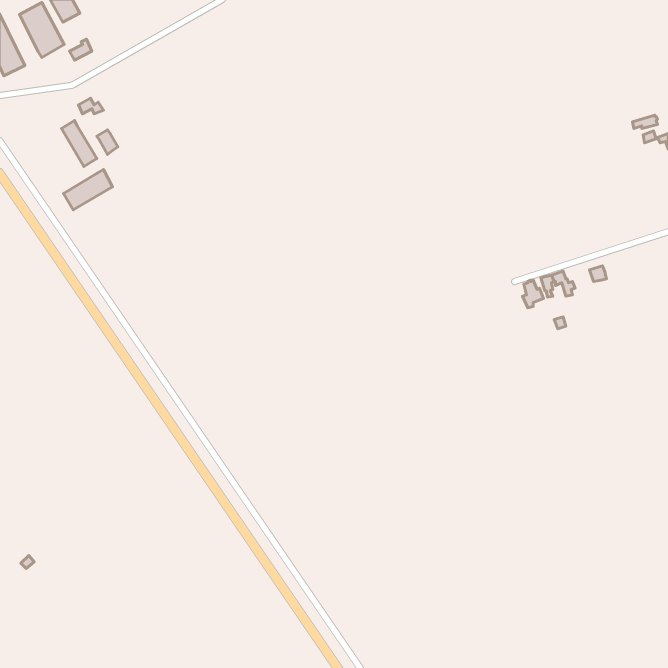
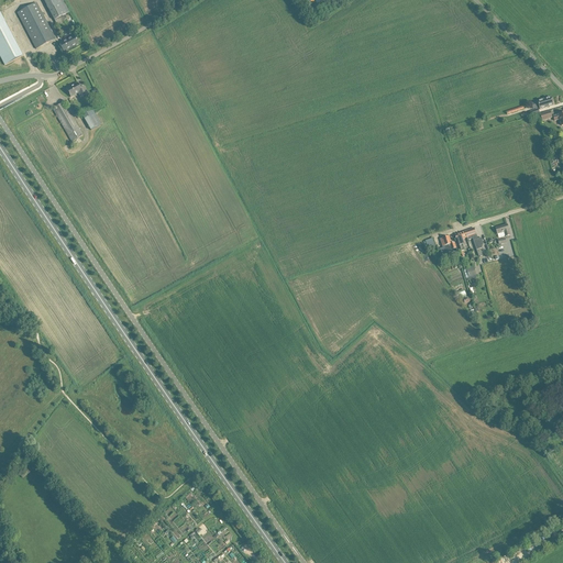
building: [64,170,112,210] -> none

